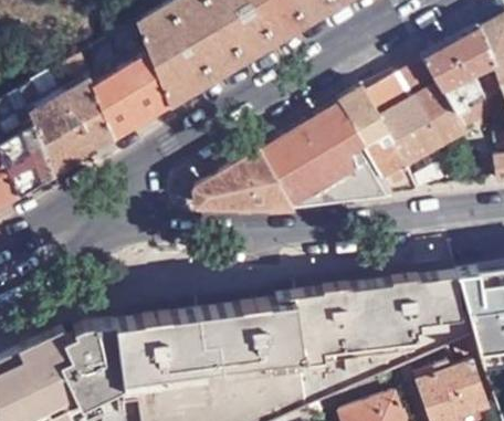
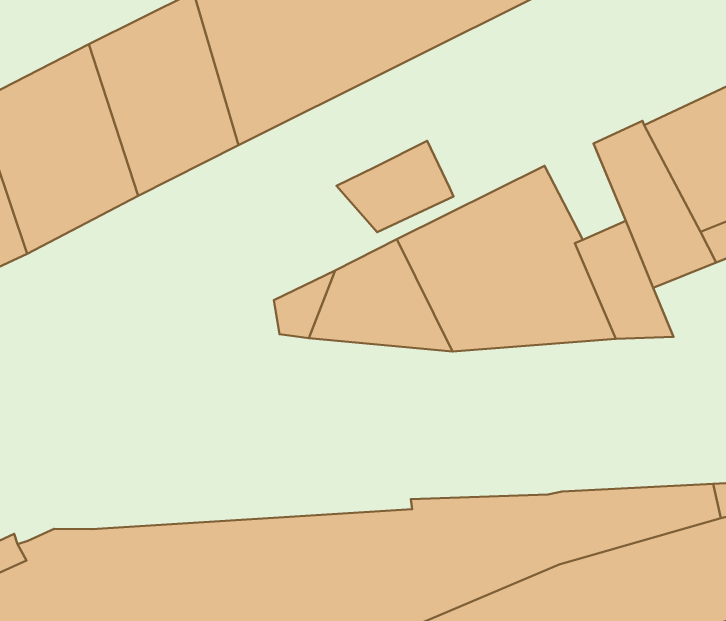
building: [338,87,386,144] -> none
building: none -> [336,141,454,232]

